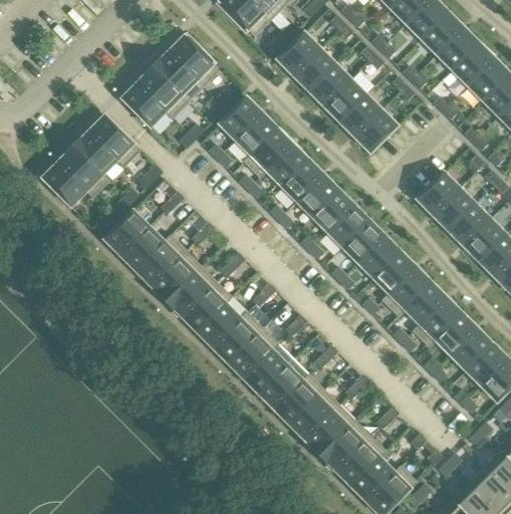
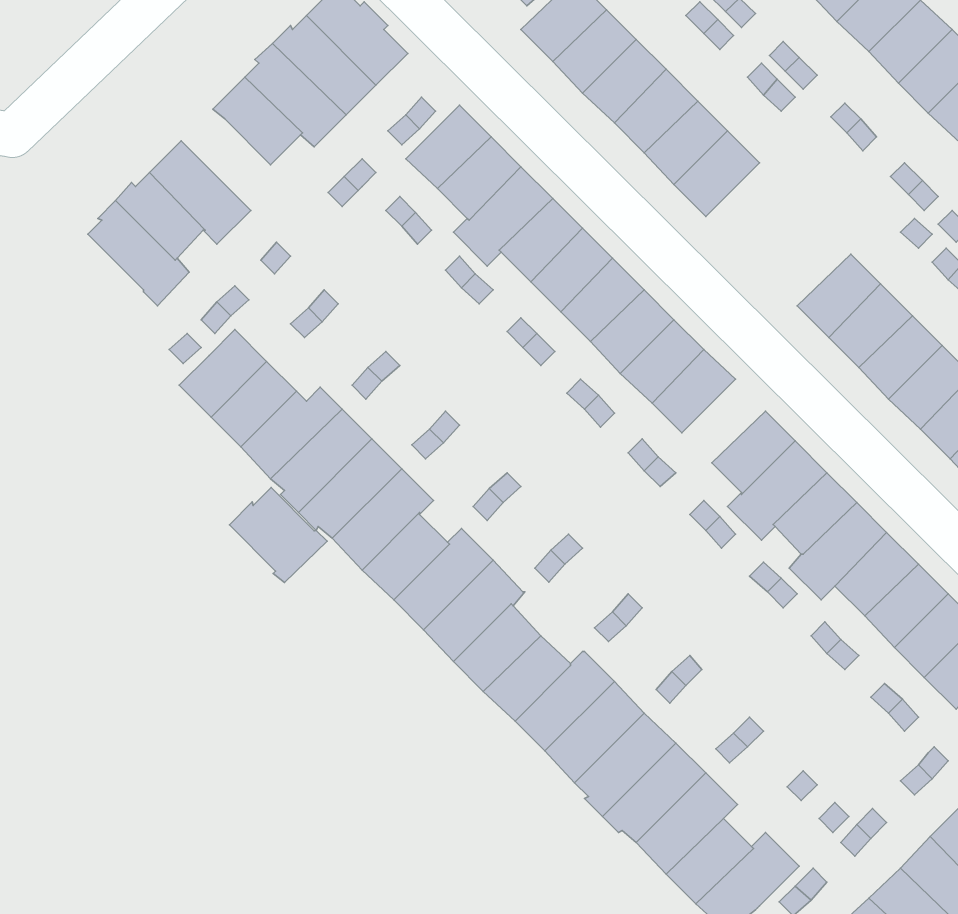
building: [41,162,85,206] -> none
building: [357,235,400,277] -> none
building: none -> [229,488,327,582]

